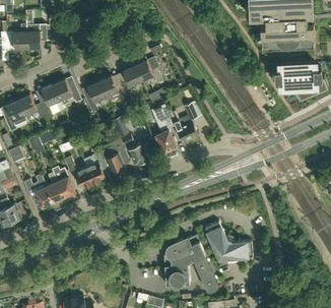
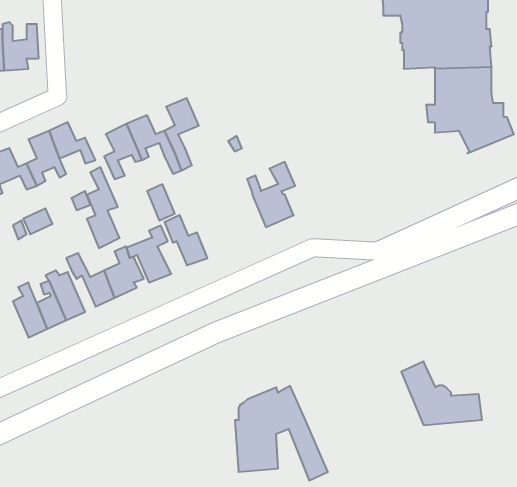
building: [135,57,163,83] -> none
building: [156,105,176,152] -> [87,167,120,248]
building: [205,223,253,260] -> [401,361,482,425]

